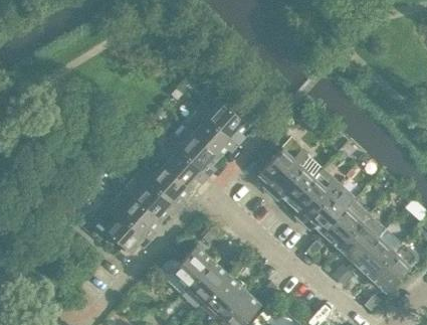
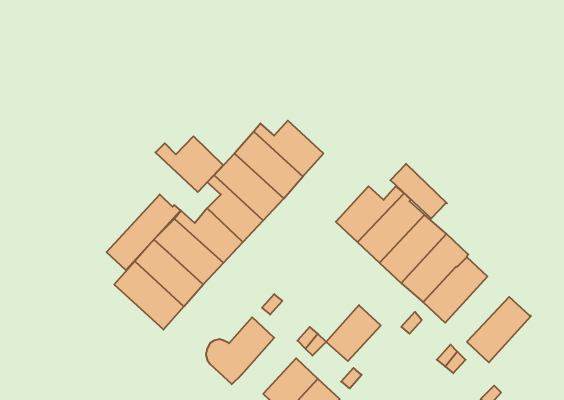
building: none -> [155,136,223,192]
building: none -> [390,164,447,219]
building: none -> [107,194,180,270]
building: [338,215,385,264] -> none
building: [370,242,416,294] -> none
building: [188,261,228,302] -> [326,305,381,361]

